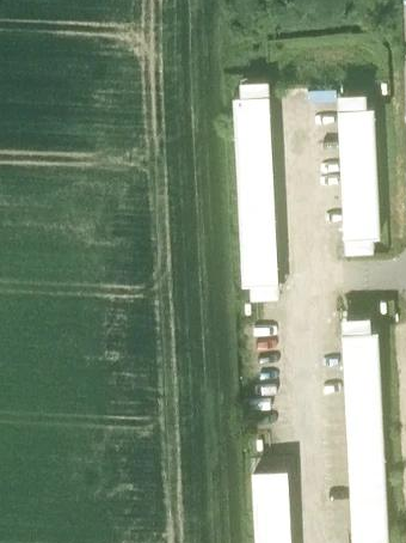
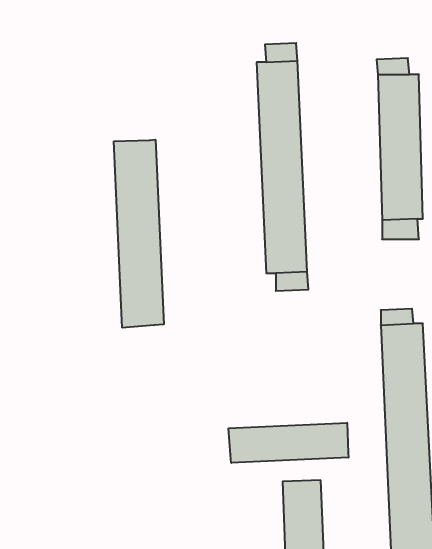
building: none -> [114,140,164,328]
building: none -> [229,423,348,463]

